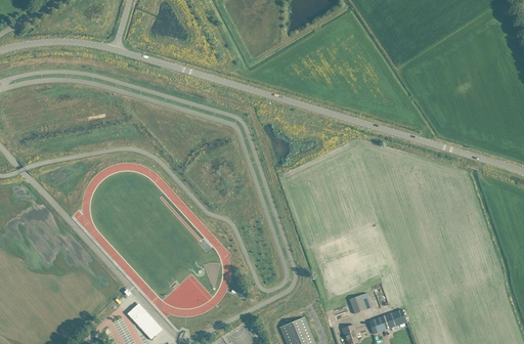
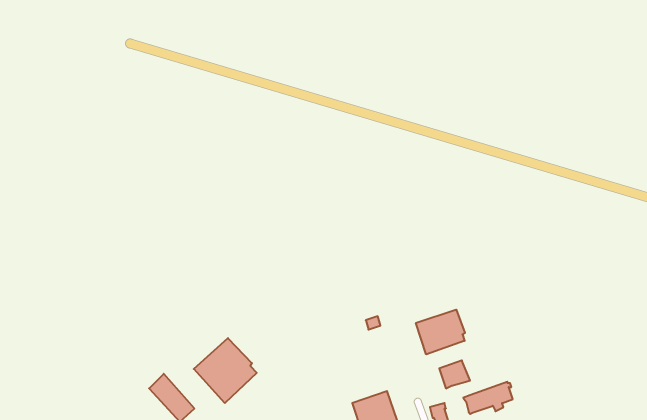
building: none -> [416,310,465,354]
building: none -> [194,338,257,403]

